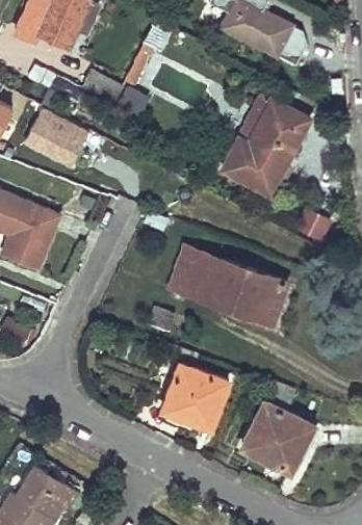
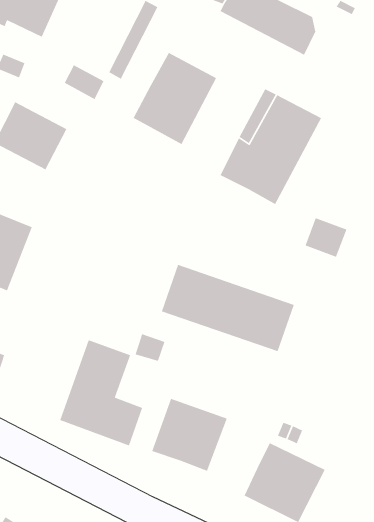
building: none -> [132,52,217,145]
building: none -> [59,339,143,446]

